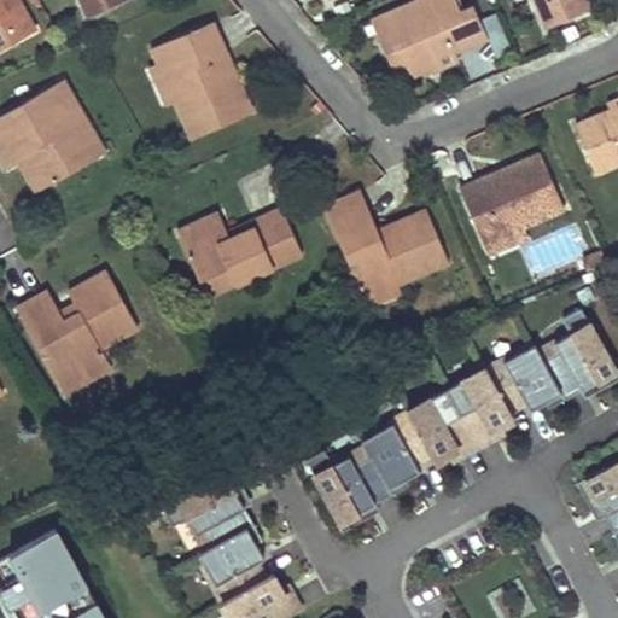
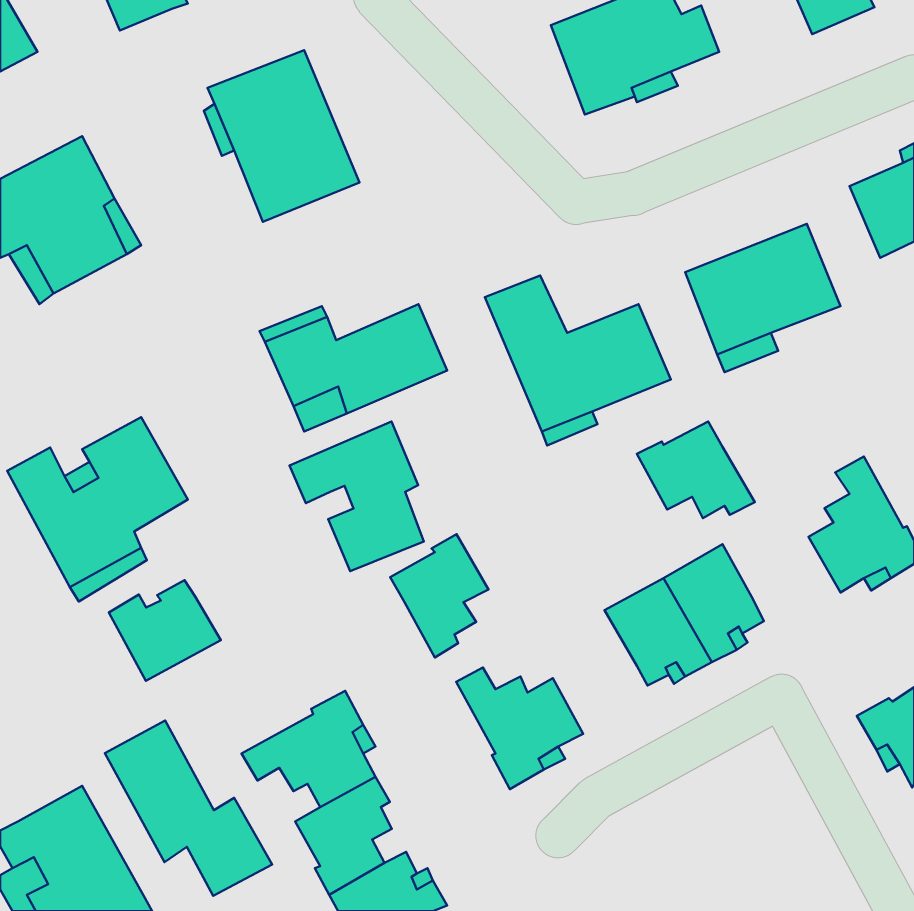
building: none -> [290,421,424,571]
building: [488,345,567,410] -> [637,422,755,518]
building: none -> [109,580,221,681]
building: [363,412,430,495] -> [390,534,489,658]
building: none -> [105,721,272,896]

